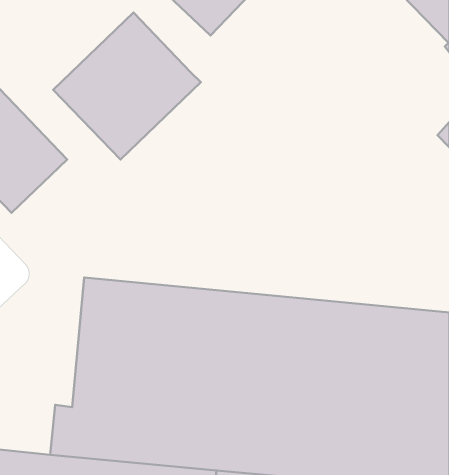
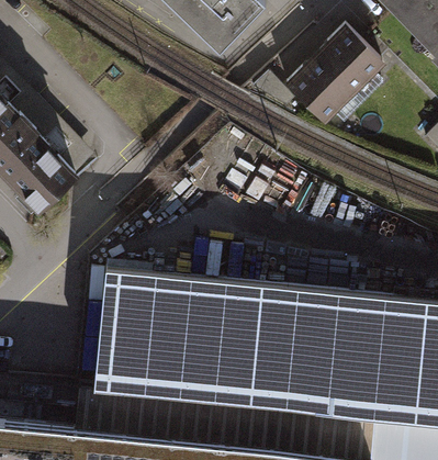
building: none -> [285,25,386,126]
building: [53,12,201,160] -> none

